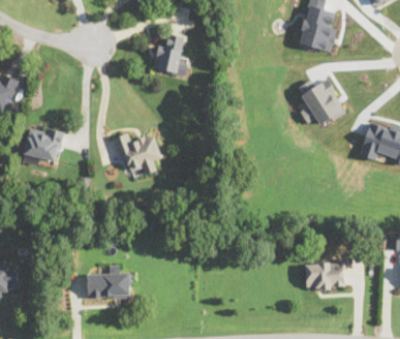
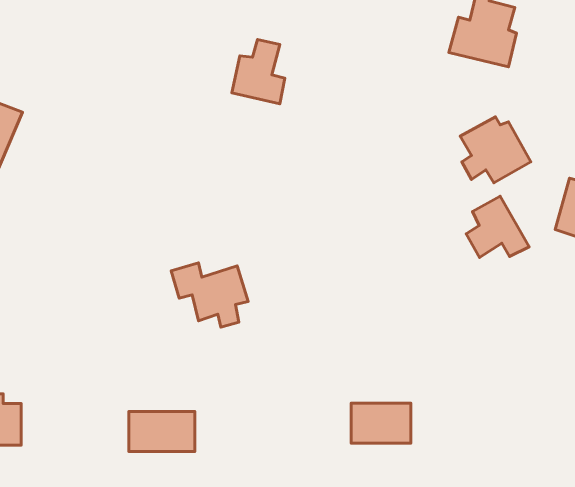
building: [25,128,60,160] -> none
building: [111,132,160,174] -> [171,263,248,327]
building: none -> [466,196,529,257]
building: [304,261,342,287] -> [351,403,411,443]

